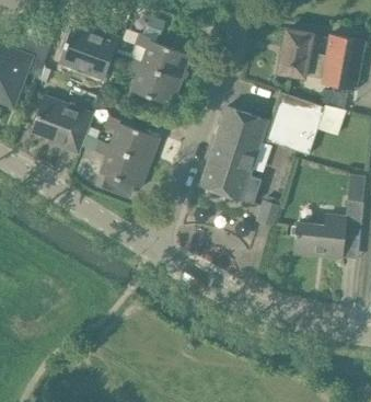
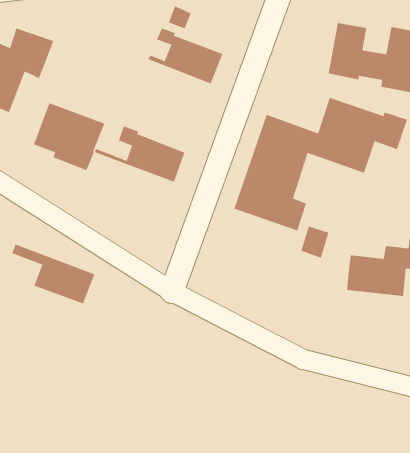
building: [59,26,117,78] -> none
building: [124,60,181,106] -> none
building: [80,138,150,188] -> [11,244,95,304]

